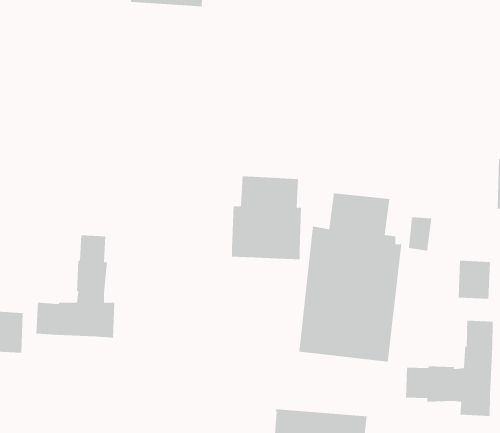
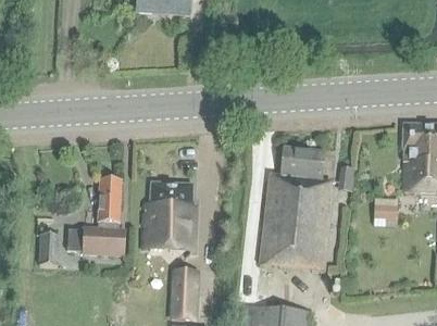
building: [231,176,302,260] -> [142,181,193,242]
building: [405,320,493,417] -> none
building: none -> [173,268,195,316]

